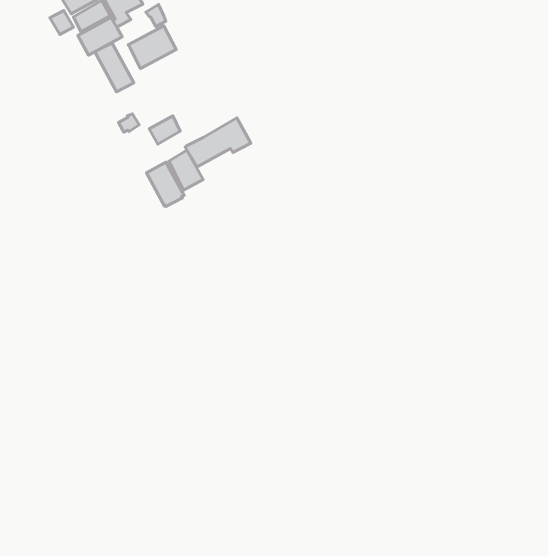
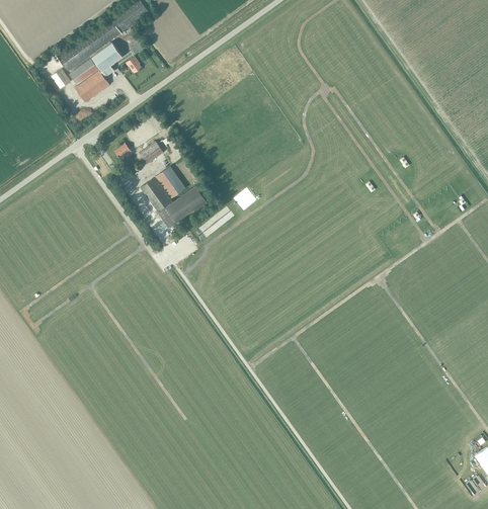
building: [128,26,176,68] -> none
building: [95,42,134,92] -> none
building: [185,118,251,167] -> [158,186,209,228]

